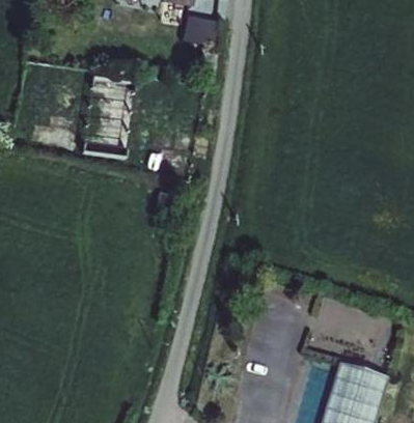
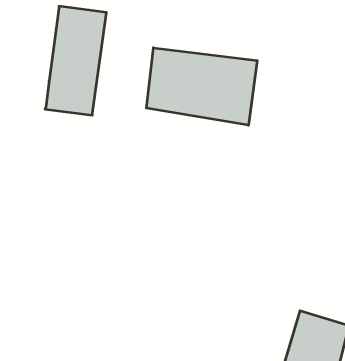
building: none -> [146,48,257,125]

